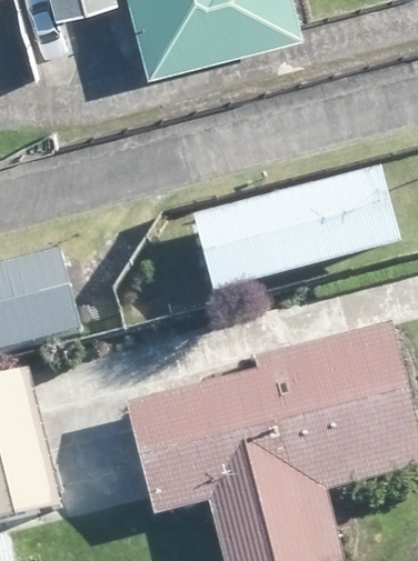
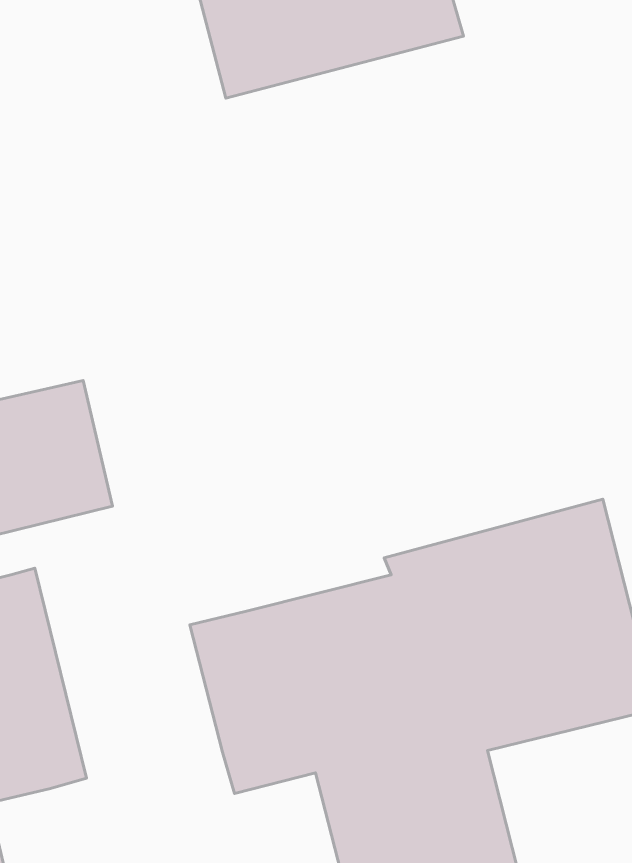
building: [196,167,401,290] -> none

